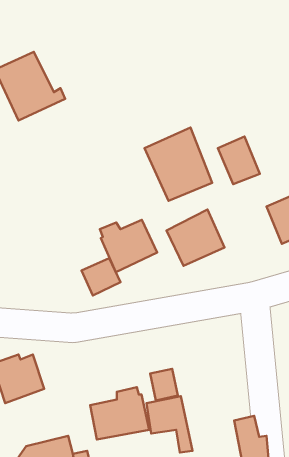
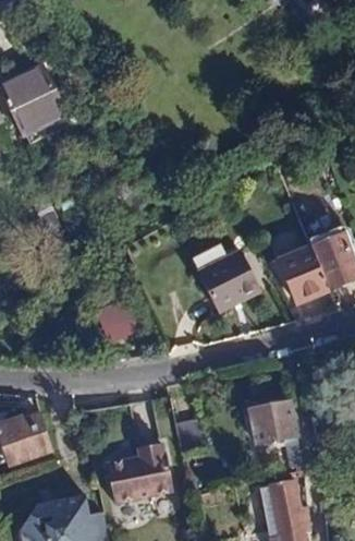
building: [144,128,212,201] -> none
building: [218,137,260,184] -> [278,242,326,297]
building: [100,220,157,272] -> none
building: [147,396,192,453] -> [250,400,303,465]

